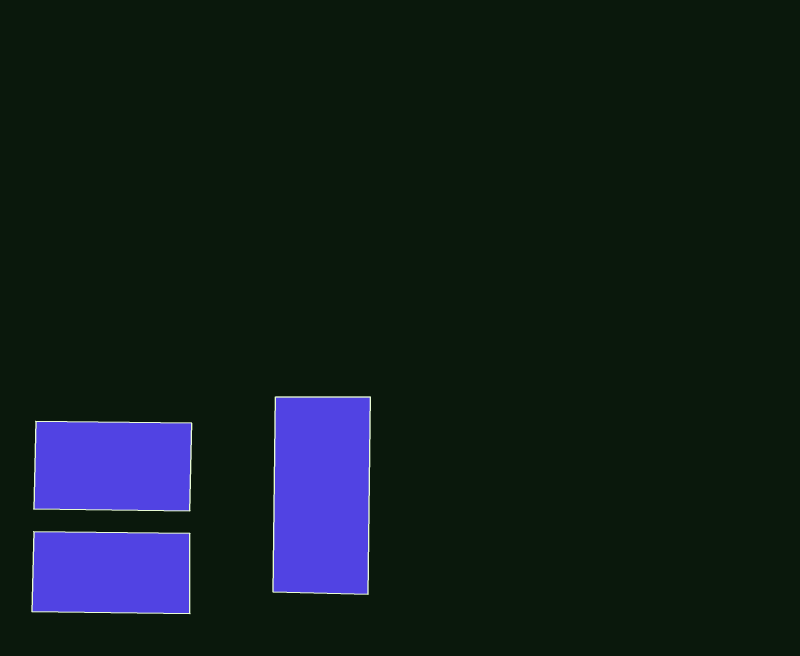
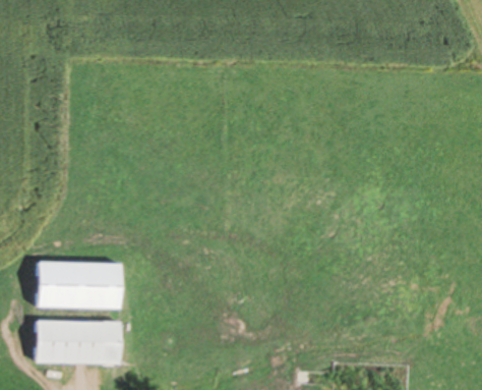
building: [273,397,370,594] -> none

